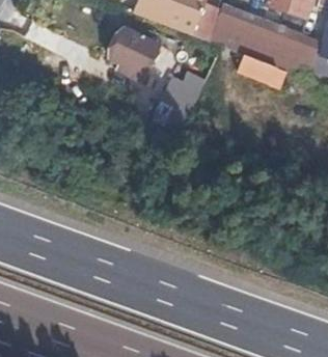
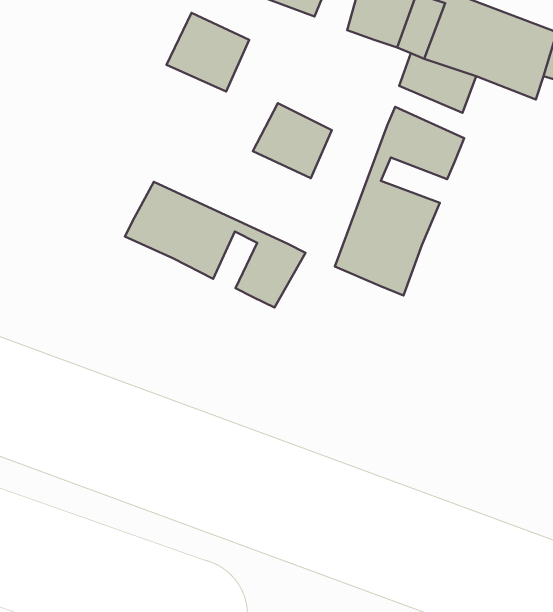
building: none -> [335,107,464,296]
building: none -> [125,182,306,308]

